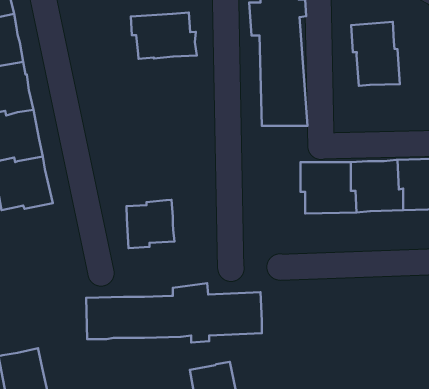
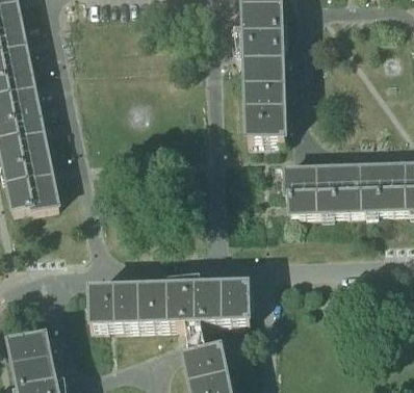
building: [131,12,197,59] -> none
building: [351,22,400,86] -> none
building: [127,200,174,248] -> none

